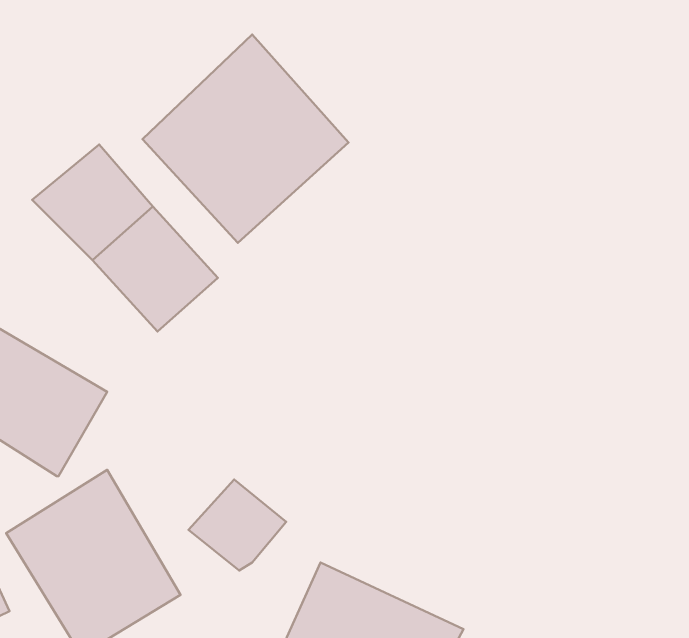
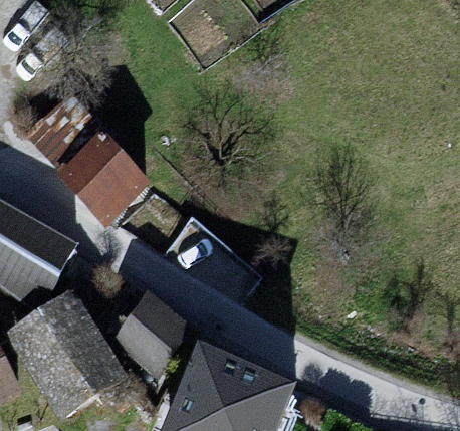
building: [142,34,349,243] -> none

